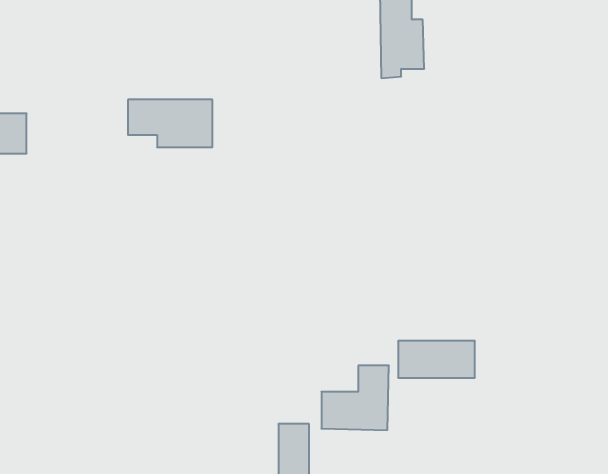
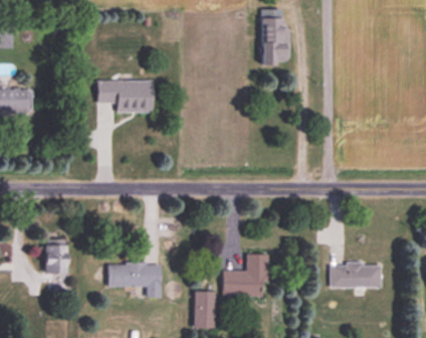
building: [398,341,475,378] -> [331,264,381,288]
building: none -> [44,241,66,274]
building: none -> [108,264,161,299]

